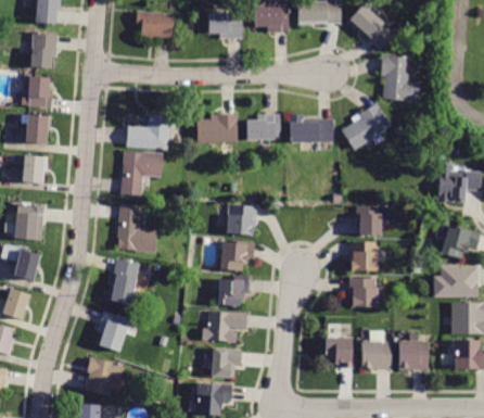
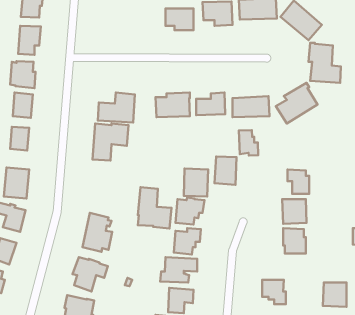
building: [137,10,174,38] -> none
building: none -> [239,130,258,156]
building: none -> [215,157,236,185]
building: [117,203,157,253] -> [138,187,171,229]
building: [361,341,389,370] -> none

